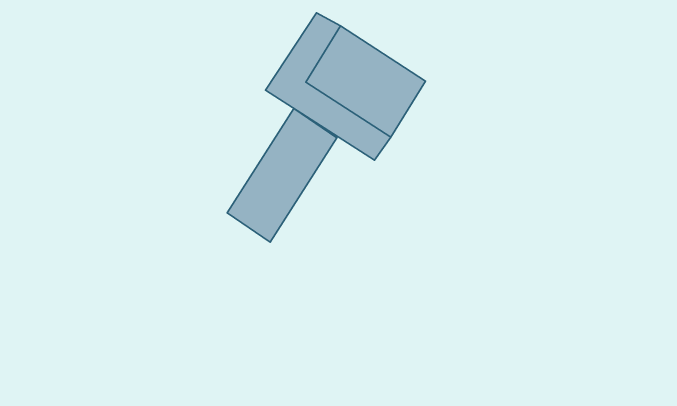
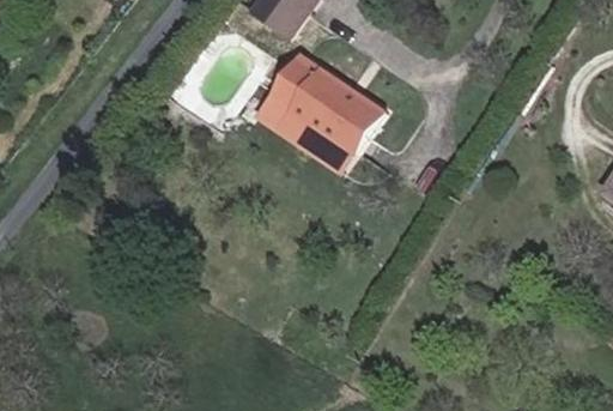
building: [227,108,337,242] -> none

